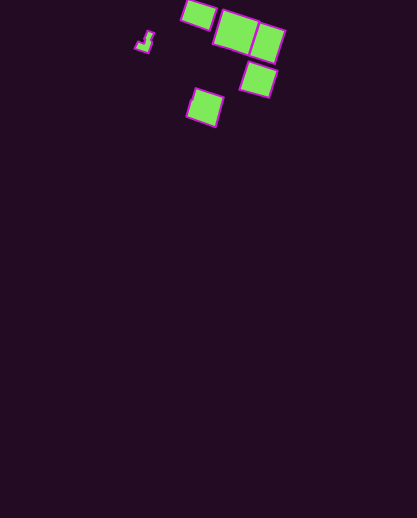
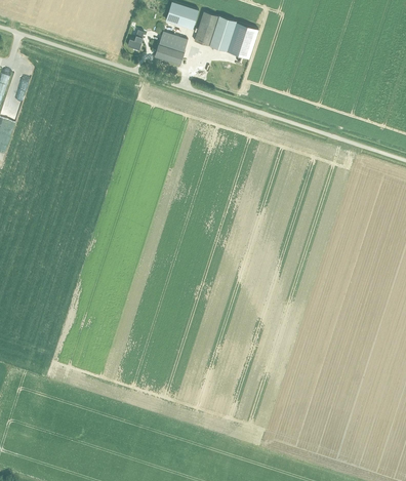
building: [239,61,277,98] -> none
building: [186,88,224,127] -> [154,32,187,66]

